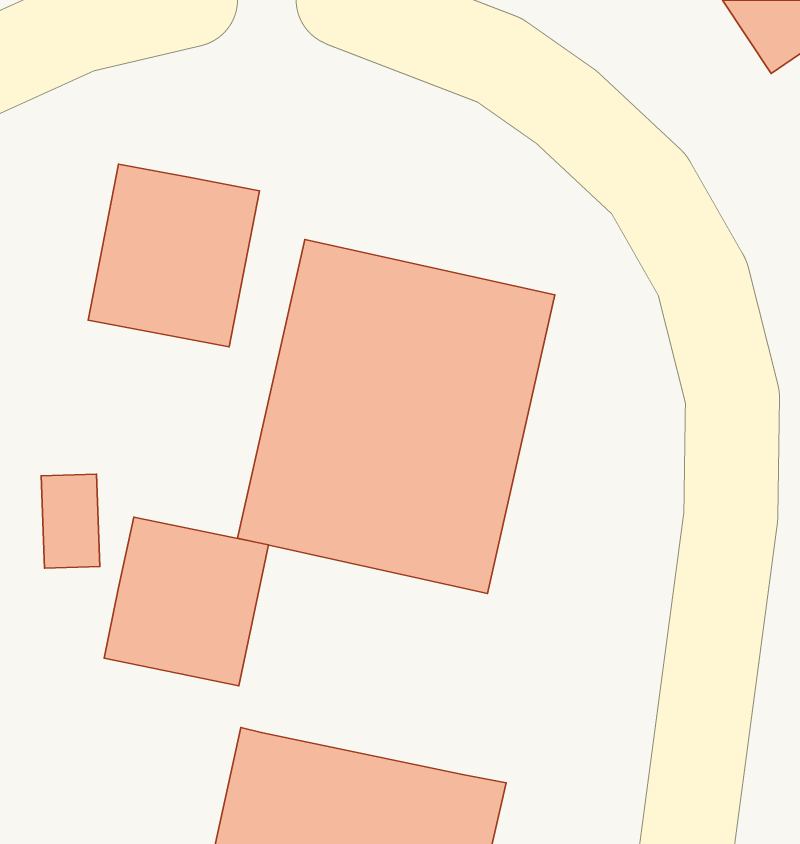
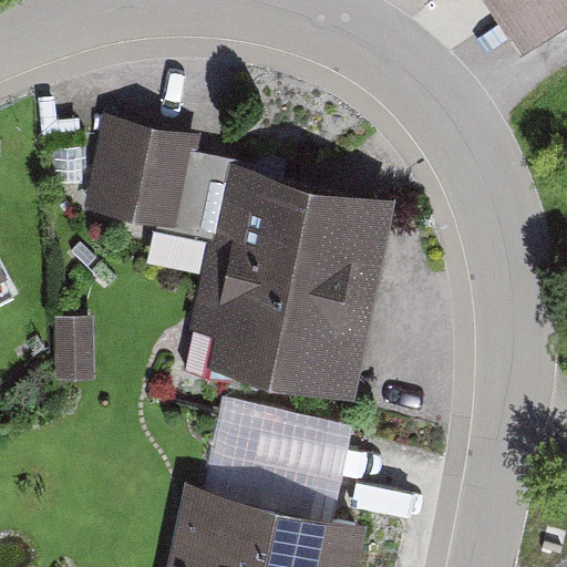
building: [104,517,268,686] -> none
building: none -> [200,402,352,518]

